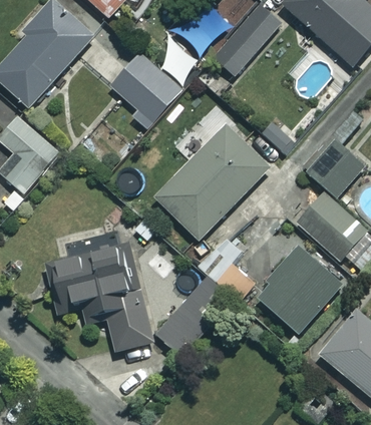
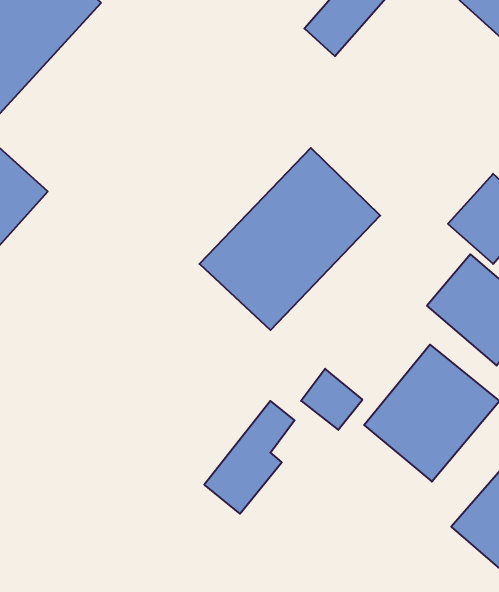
building: [112,54,180,120] -> none
building: [50,243,153,357] -> none

